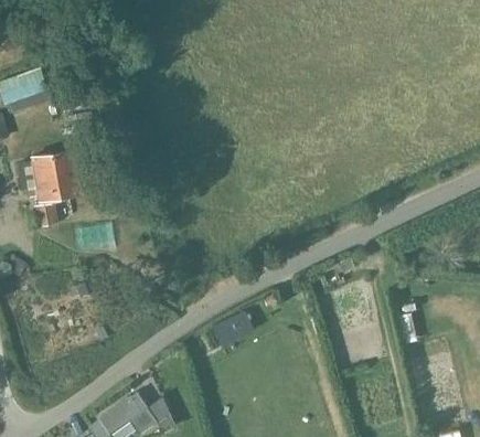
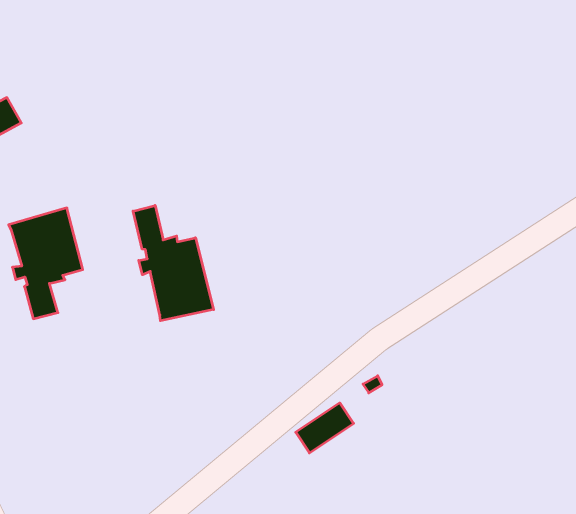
building: none -> [133,205,214,321]

